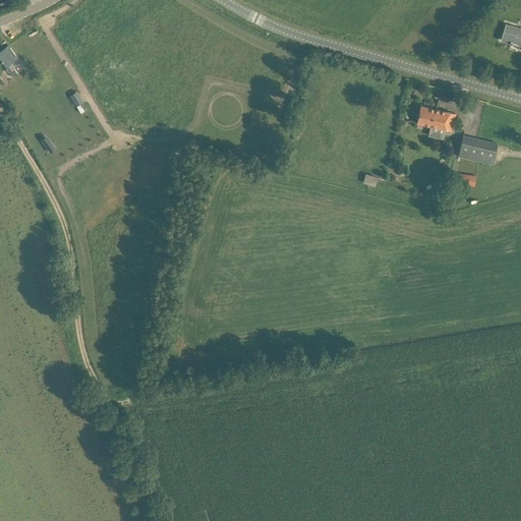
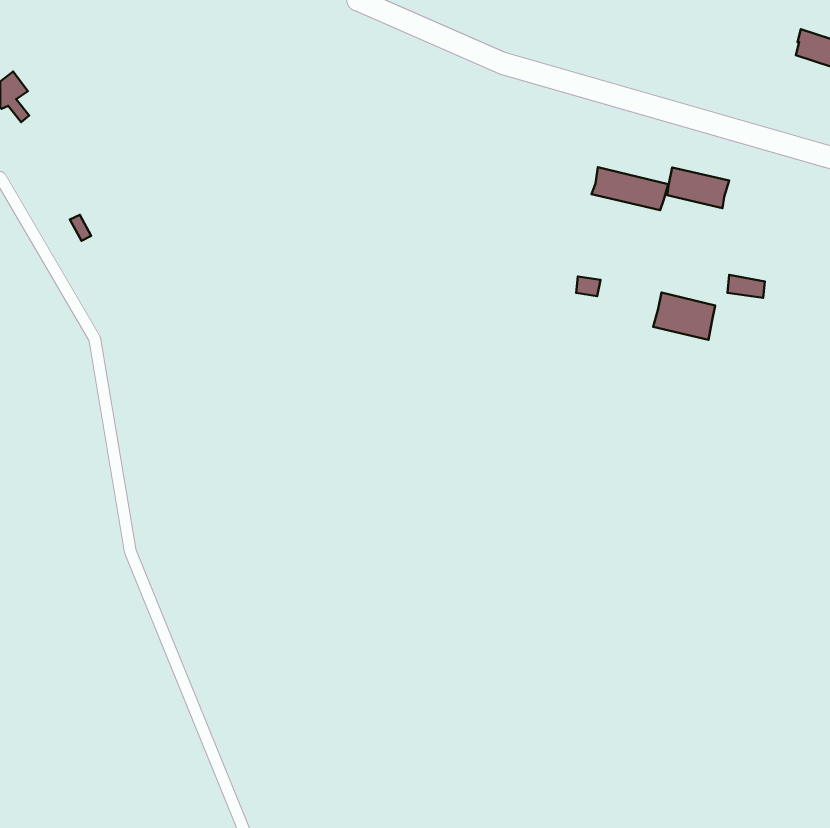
building: none -> [592,167,668,210]
building: [459,136,498,166] -> [653,293,715,340]

